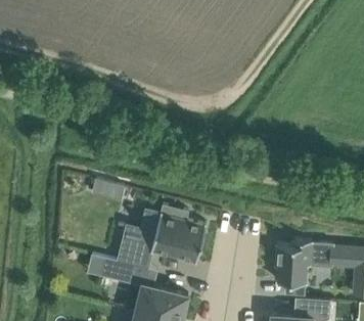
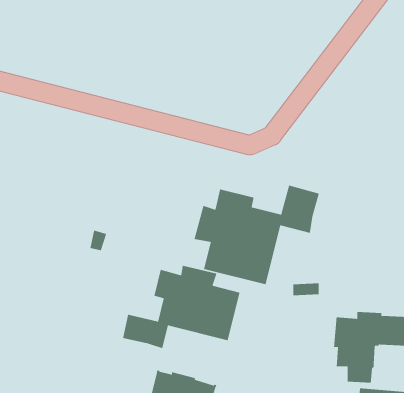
building: none -> [193,185,320,285]
building: [100,258,135,283] -> none

